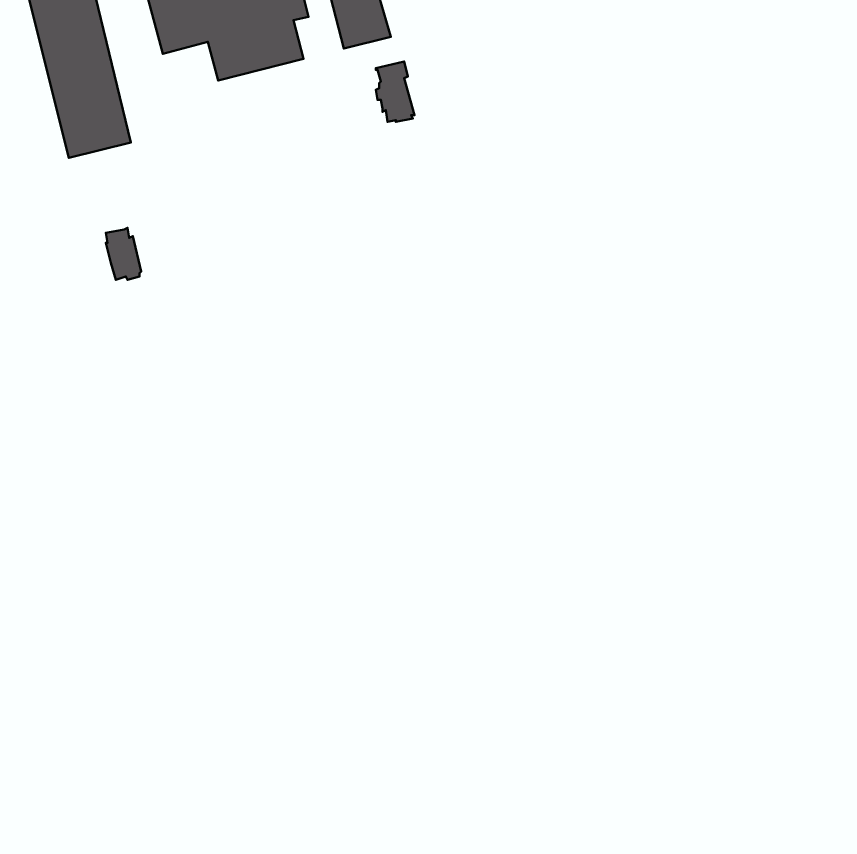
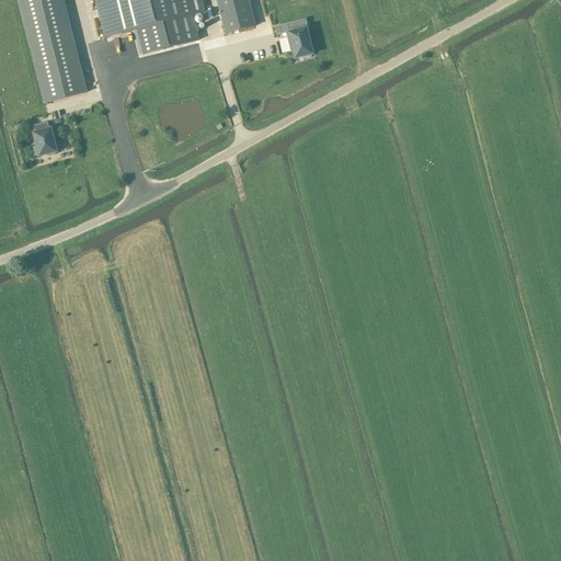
building: [376,61,414,122] -> [287,18,312,57]
building: [106,228,141,280] -> [33,121,56,154]

